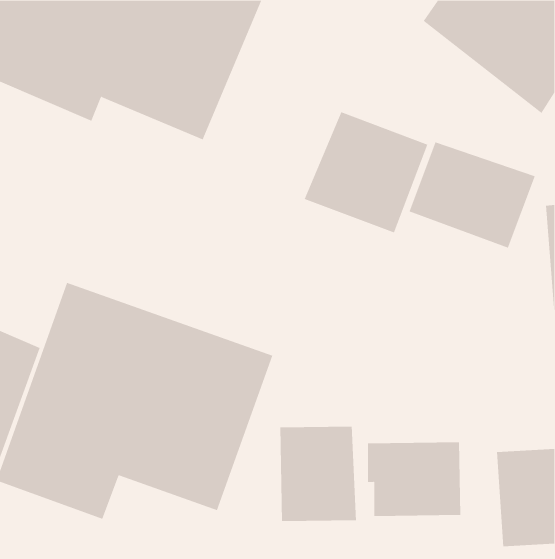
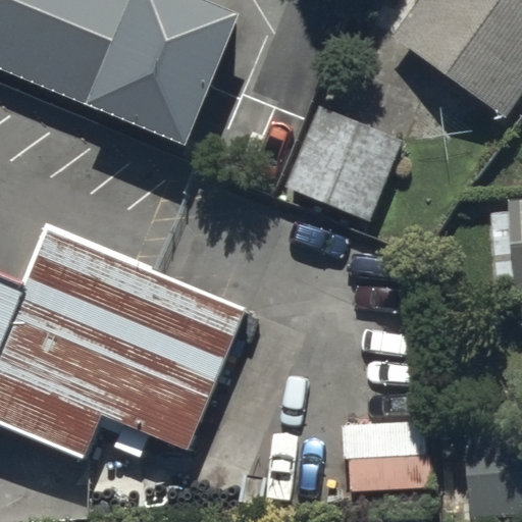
building: [409,141,536,249] -> none
building: [280,426,356,522] -> none

